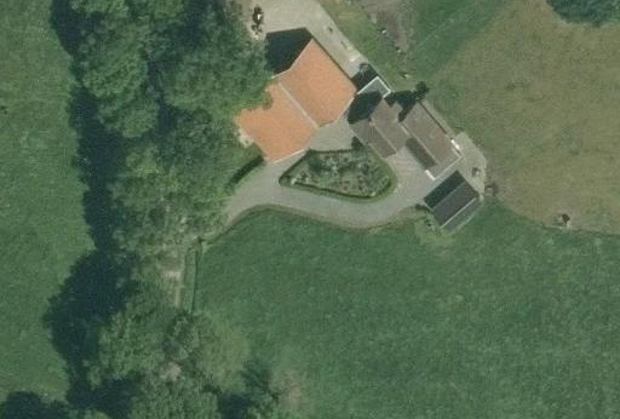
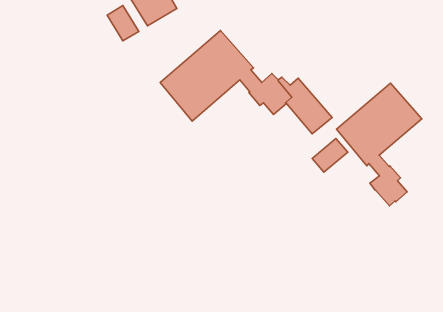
building: none -> [107,6,139,41]
building: none -> [336,83,422,206]

